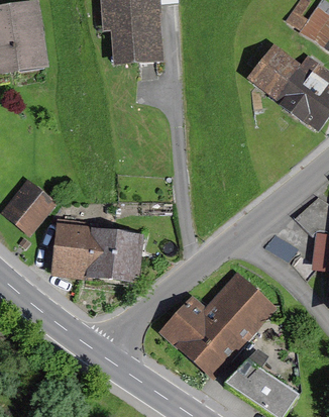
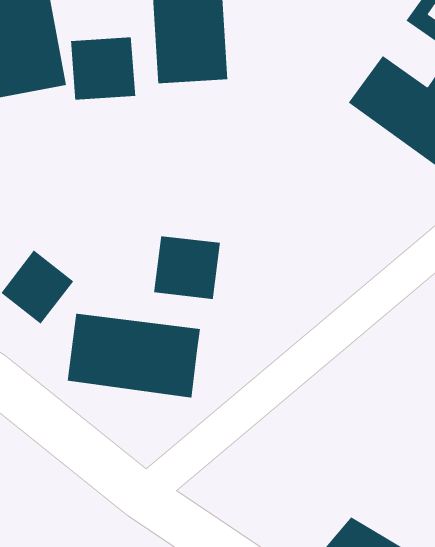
building: none -> [70,37,136,100]
building: none -> [153,235,221,300]
building: [158,275,275,379] -> none

